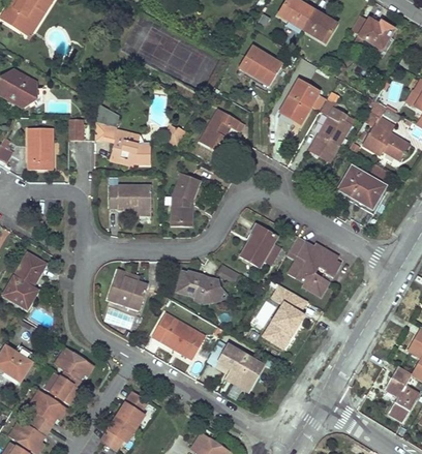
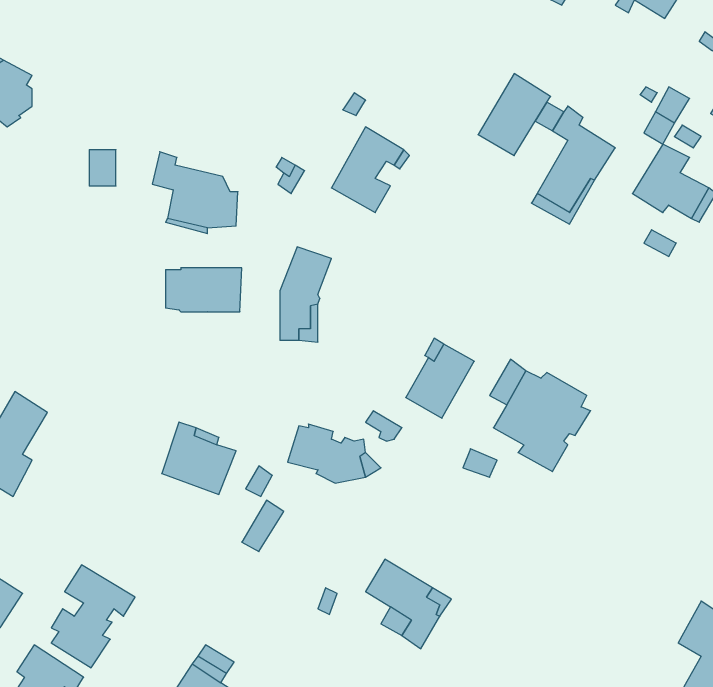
building: [238,46,282,87] -> none
building: [28,127,53,169] -> none
building: [336,165,384,209] -> none
building: [263,303,302,346] -> none
building: [164,321,205,359] -> none

